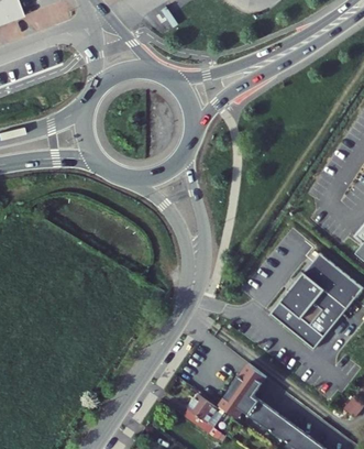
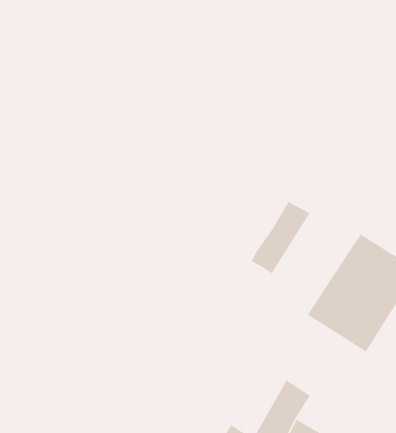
building: none -> [250,201,311,275]

